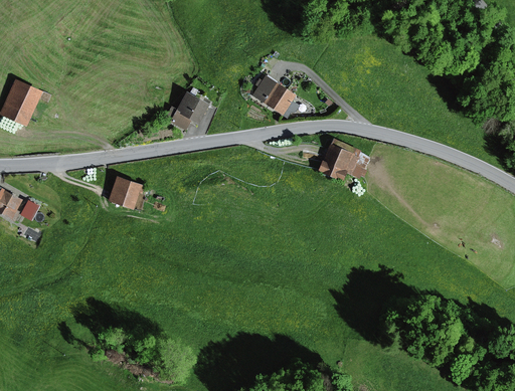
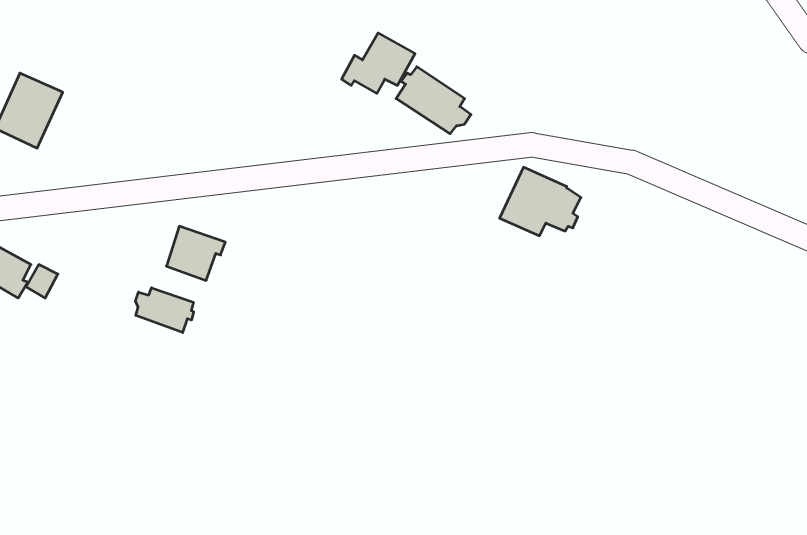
building: [163,91,209,130] -> [342,33,415,93]
building: none -> [135,288,194,333]

